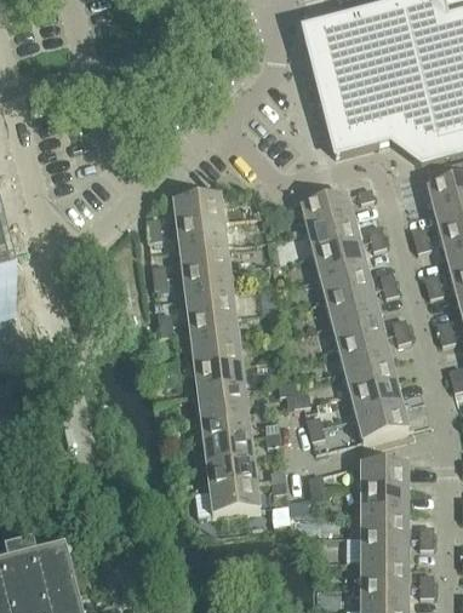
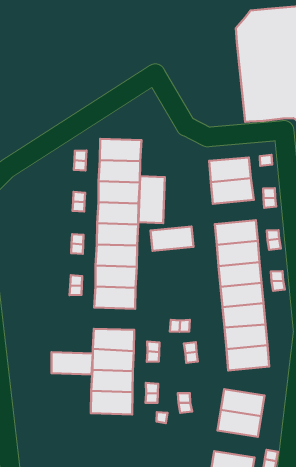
building: none -> [139,176,165,223]
building: [314,237,366,273] -> [151,226,194,251]
building: [198,384,247,414] -> [51,352,93,374]
building: [361,508,408,532] -> none

